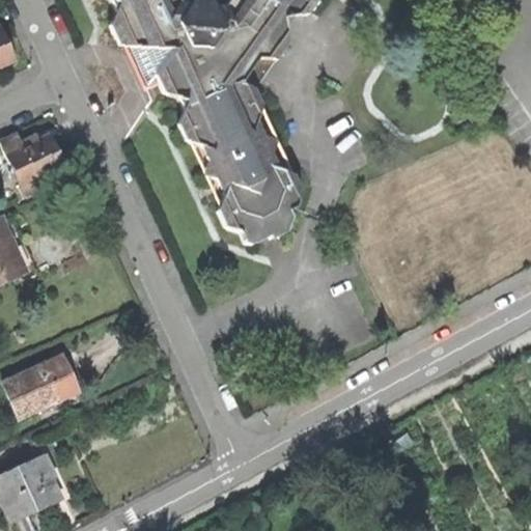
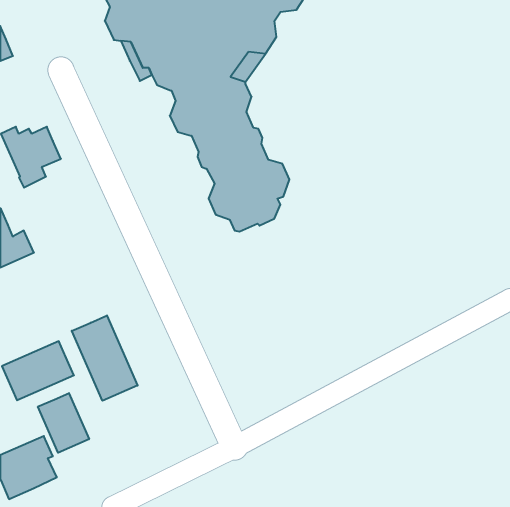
building: none -> [72,315,138,401]
building: none -> [38,393,89,453]

